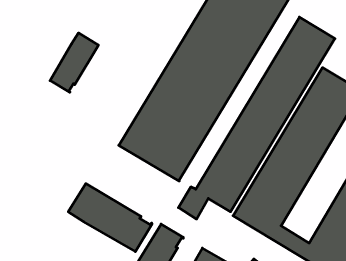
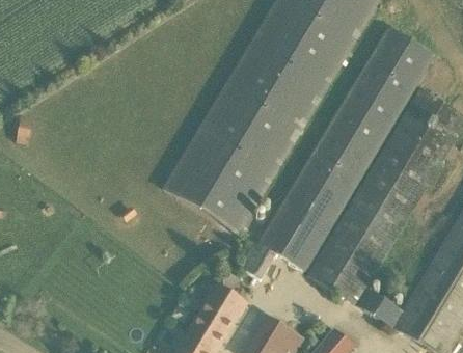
building: [50,33,98,92] -> none
building: [68,184,152,252] -> none

